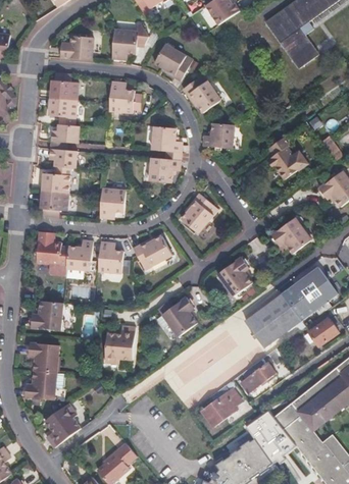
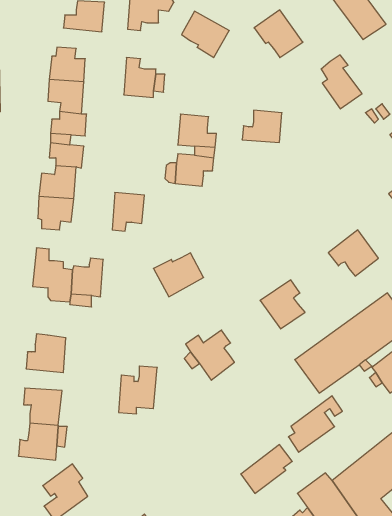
building: [182,74,220,112] -> [254,10,303,58]
building: [268,137,301,179] -> [321,55,362,109]
building: [181,193,217,232] -> none
building: [97,241,122,273] -> none

